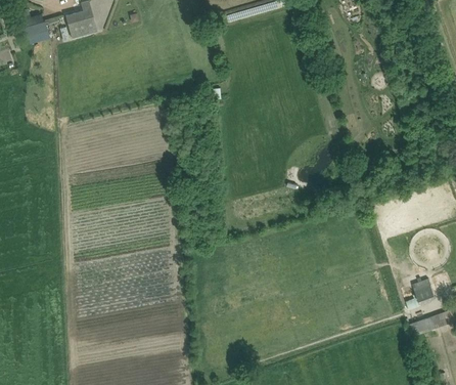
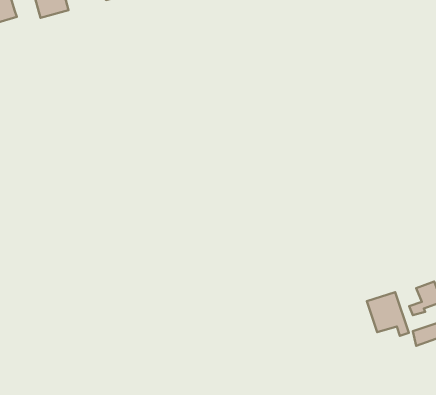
building: none -> [367,292,409,336]

